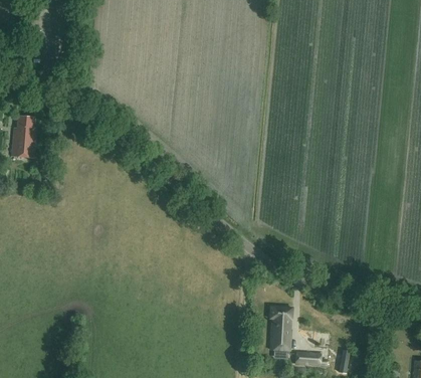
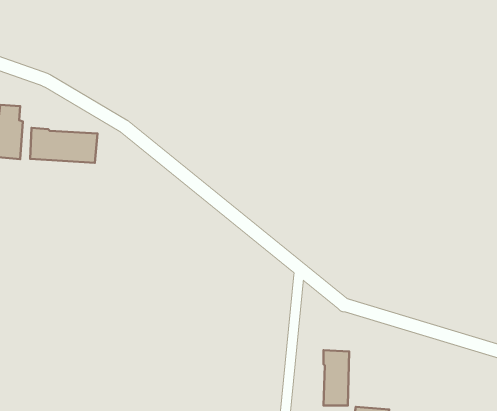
building: none -> [30,128,97,163]

